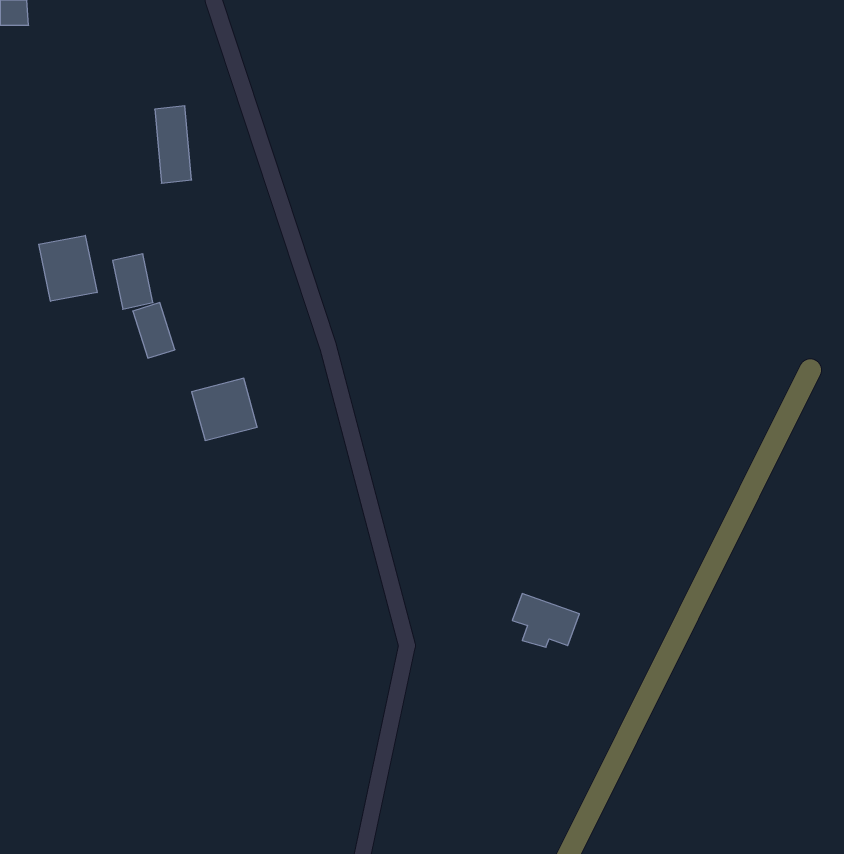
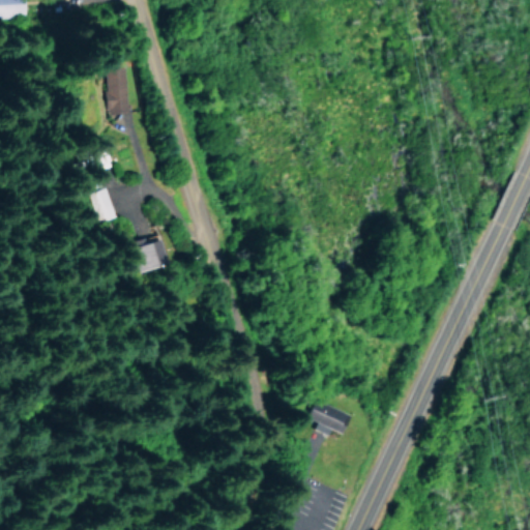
building: [39,235,97,301] -> none
building: [512,594,579,647] -> [312,403,353,436]

